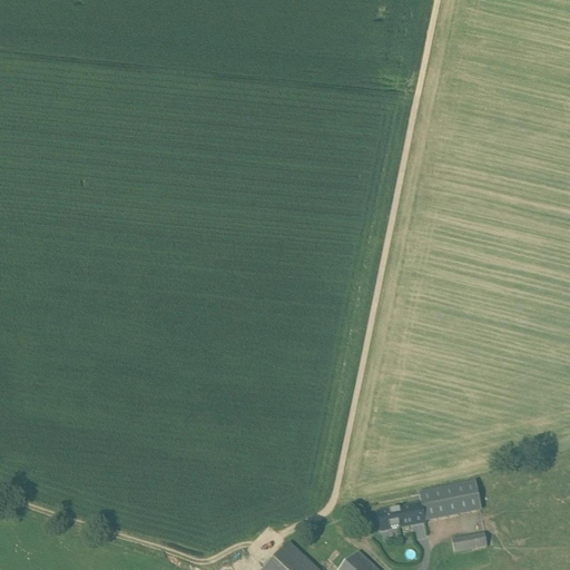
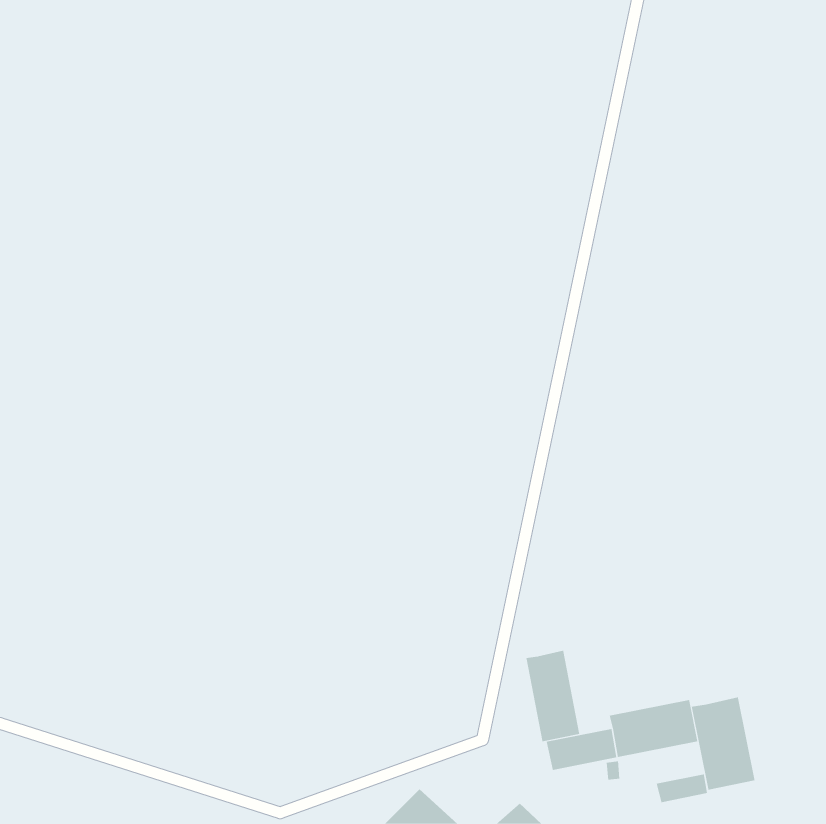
building: none -> [526,650,580,742]
building: none -> [691,696,755,790]

